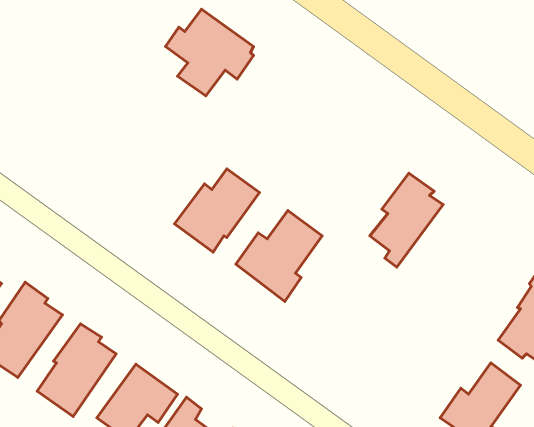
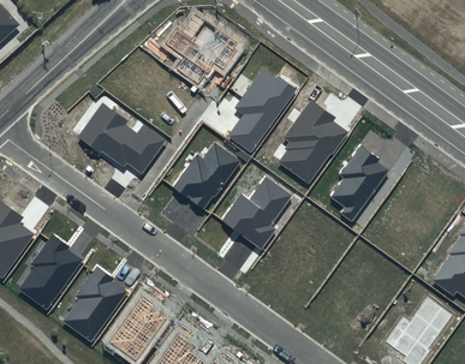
building: none -> [228,68,297,153]
building: none -> [279,99,348,184]
building: none -> [78,102,167,174]

